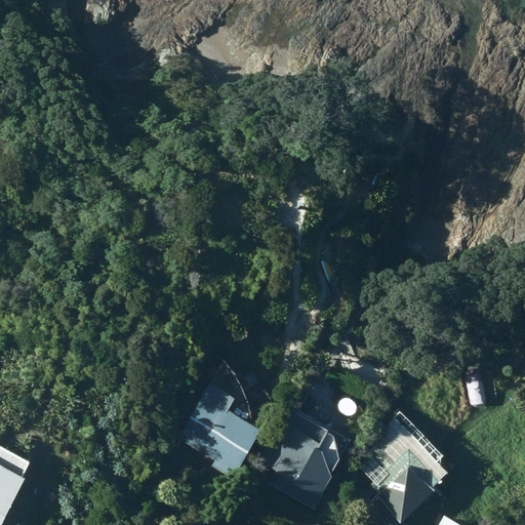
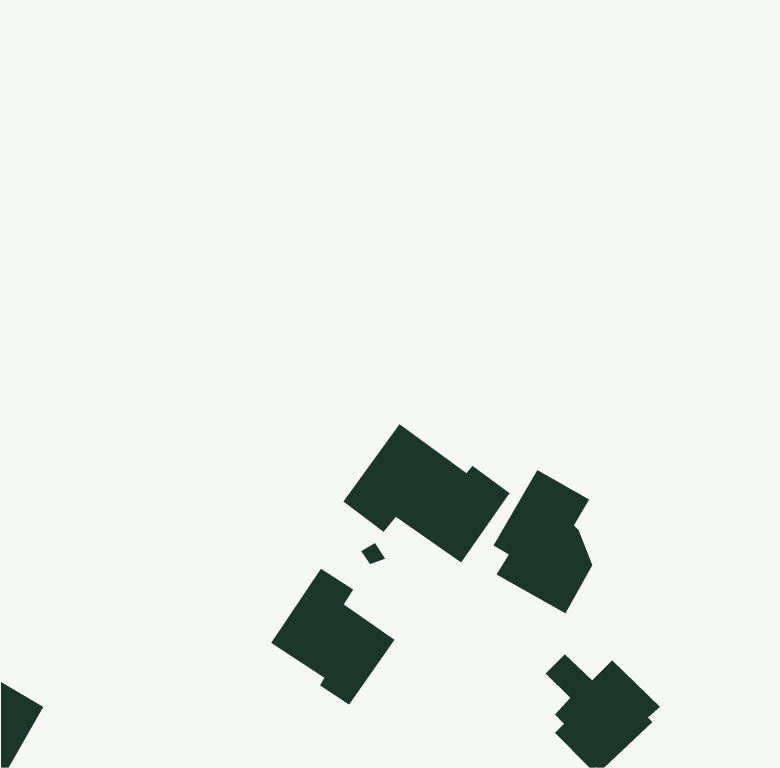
building: none -> [342,423,510,564]
building: [267,406,334,503] -> [492,469,593,614]

